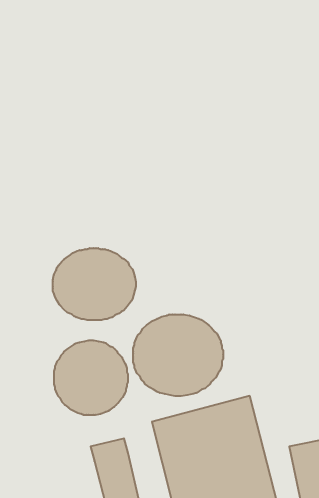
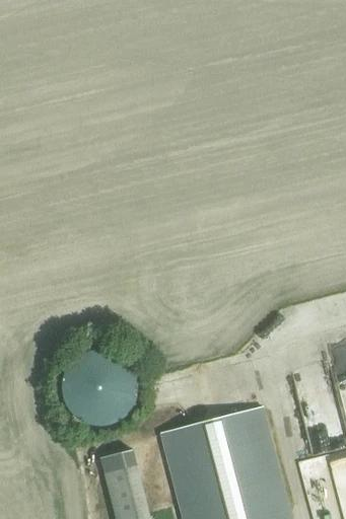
building: [53,248,136,320] -> none
building: [133,314,223,396] -> none

